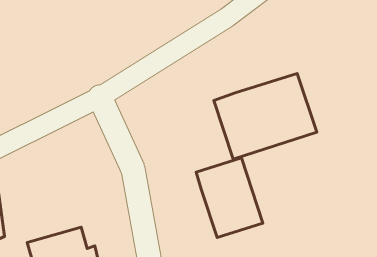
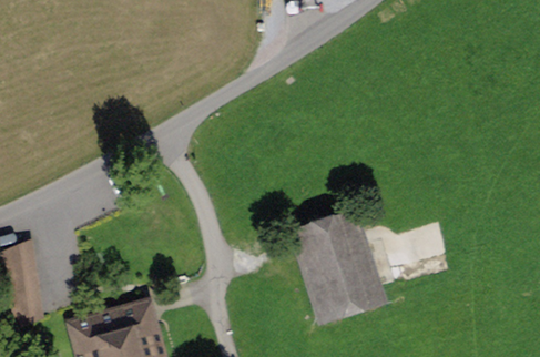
building: [214,73,317,159] -> none

